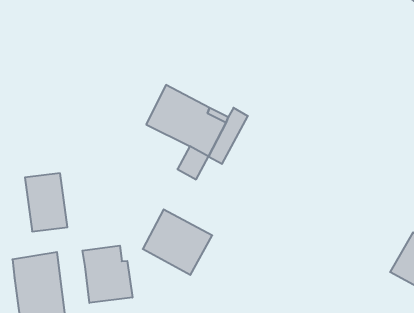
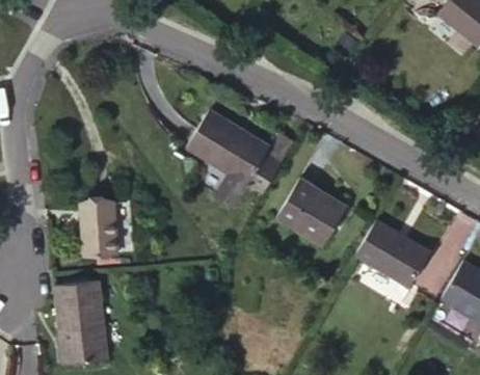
building: none -> [356,217,430,285]
building: [143,209,212,275] -> [281,177,350,242]
building: [82,246,132,303] -> none

